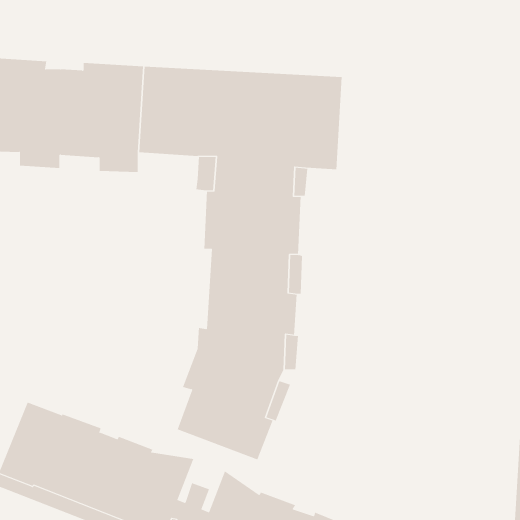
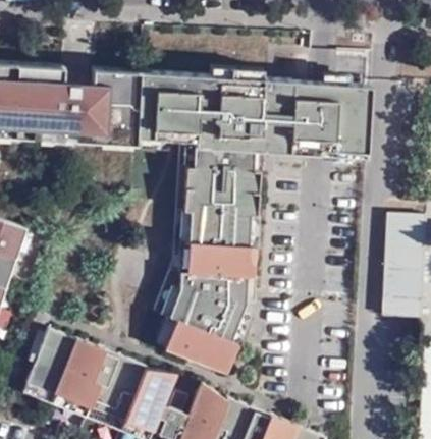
building: none -> [285,78,367,152]
building: none -> [378,213,421,318]

